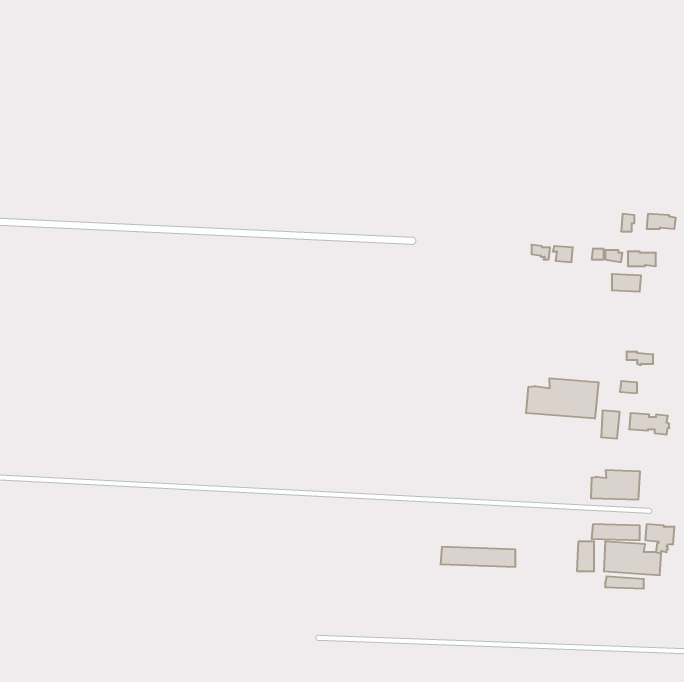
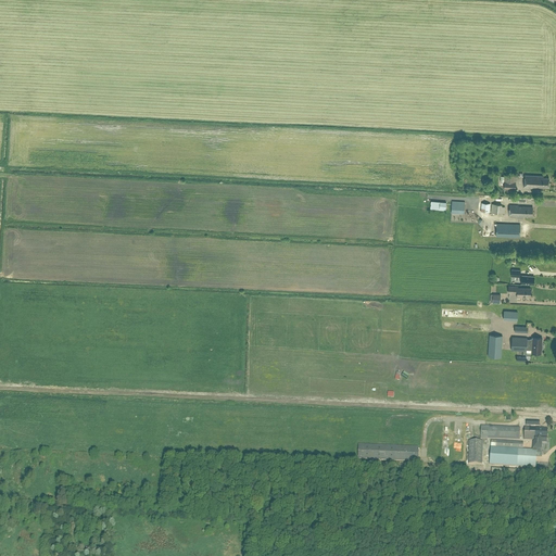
building: [526,378,599,419] -> none
building: [591,470,640,500] -> none

